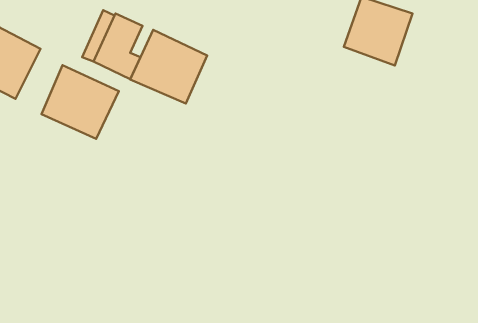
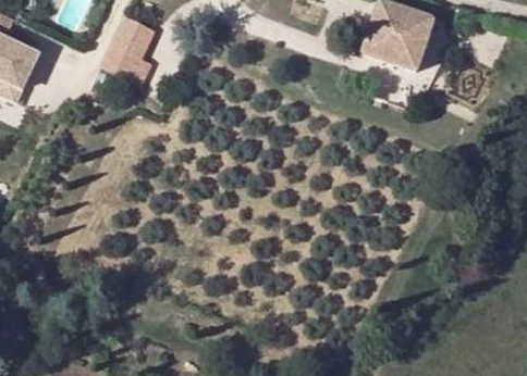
building: [130,30,207,104] -> none
building: [41,65,119,139] -> none

